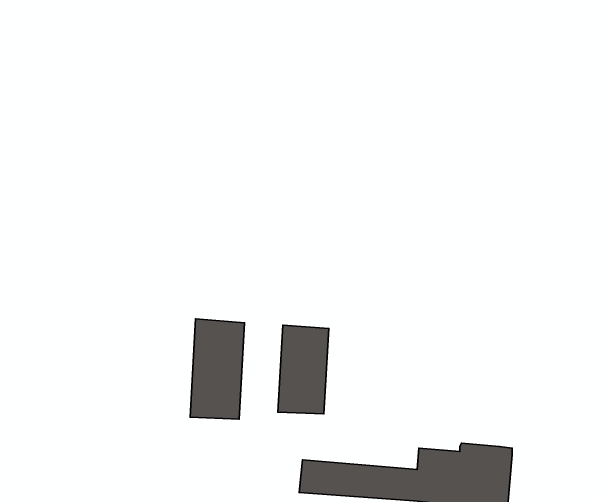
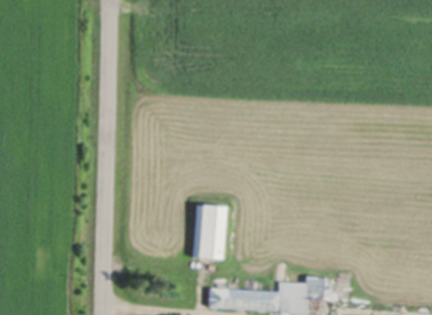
building: [190,319,245,419] -> none

